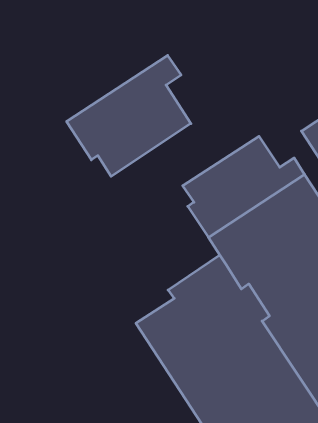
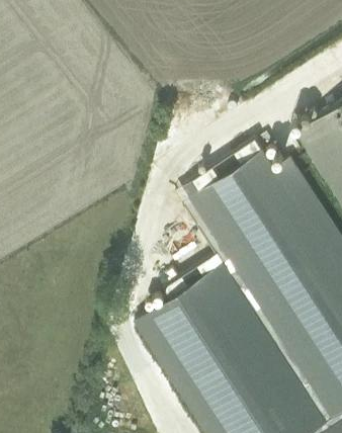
building: [67,55,191,176] -> none

